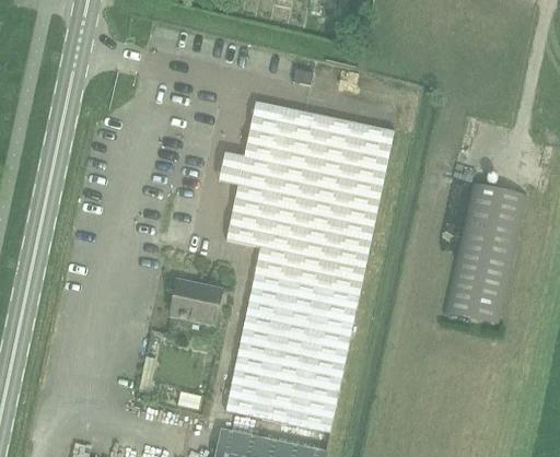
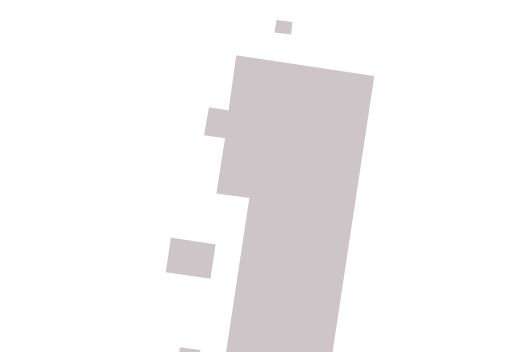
building: [444,181,528,324] -> none

